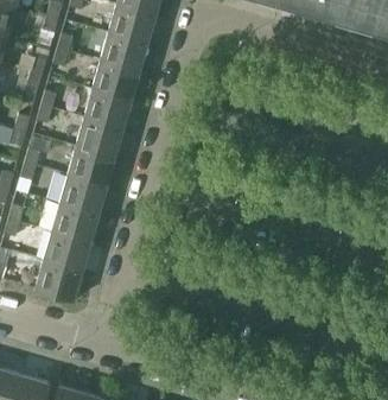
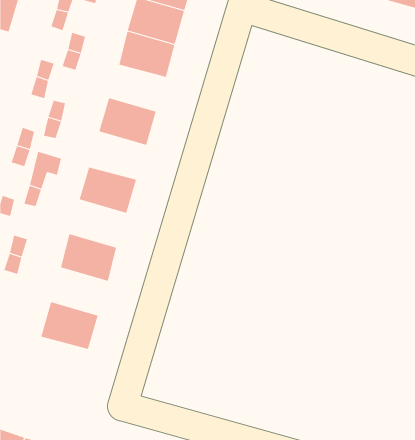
building: [93,64,141,103] -> none
building: [76,120,125,160] -> none
building: [59,177,108,217] -> none
building: [44,234,93,274] -> none

